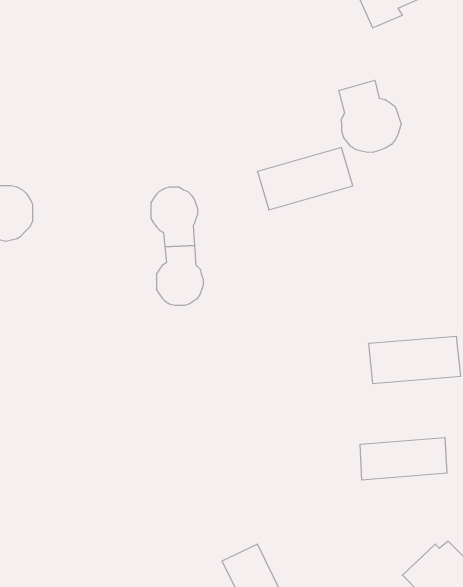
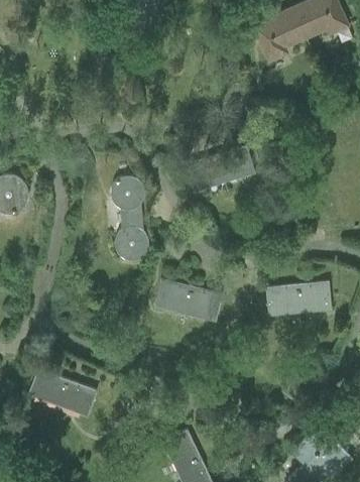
building: [339,80,401,152] -> none
building: none -> [154,279,222,322]
building: [360,437,447,480] -> none
building: none -> [27,368,97,416]

